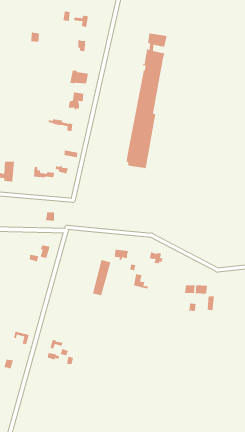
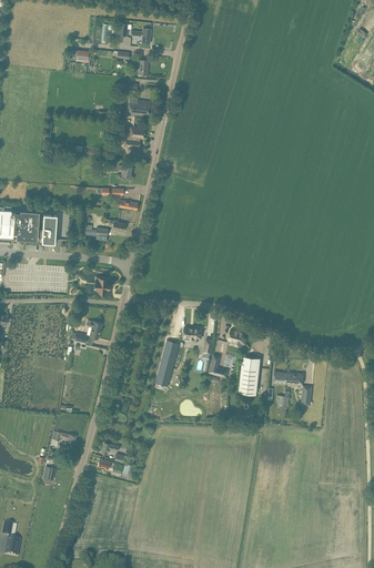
building: [126,32,167,169] -> none
building: none -> [239,356,261,396]

